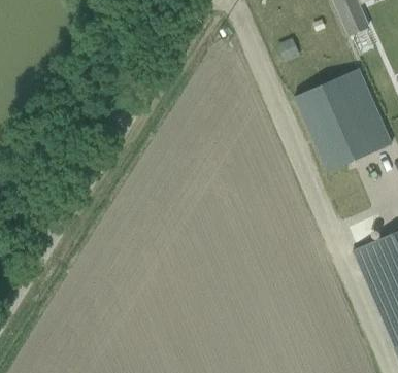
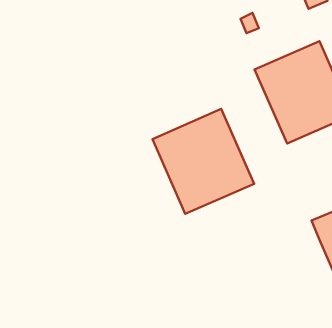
building: none -> [152,109,254,214]

